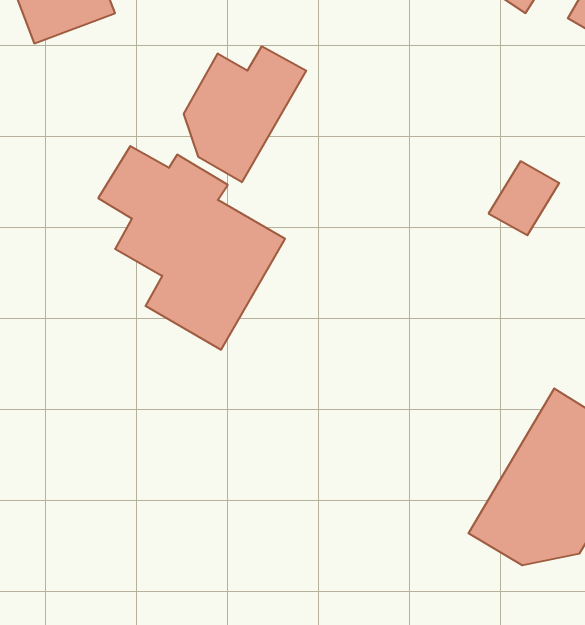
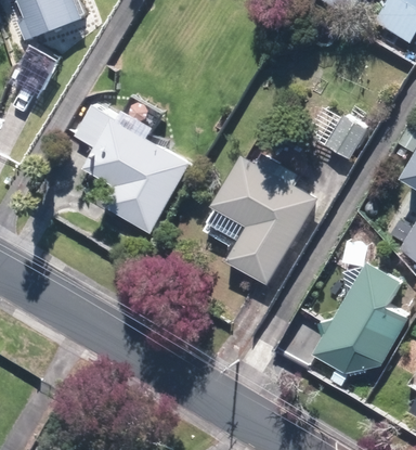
building: [184,46,306,182] -> none
building: none -> [207,136,320,285]

